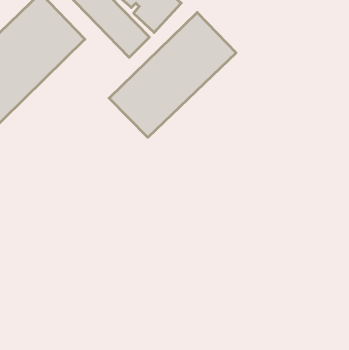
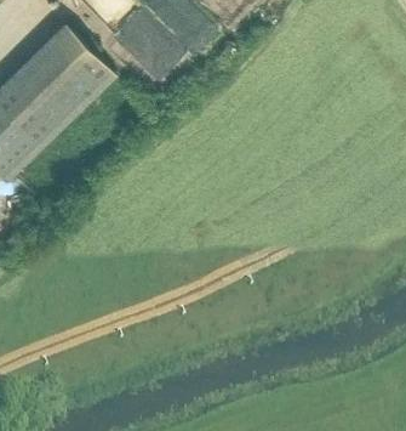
building: [109,12,236,137] -> none

